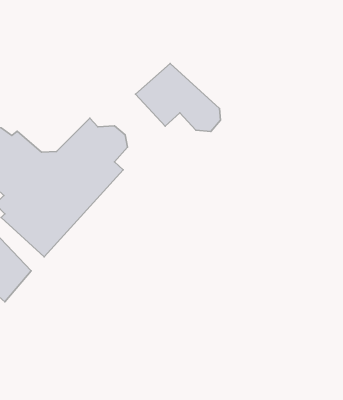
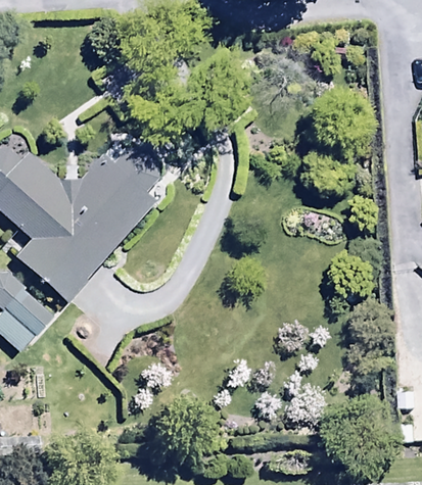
building: [135,64,220,131] -> none

